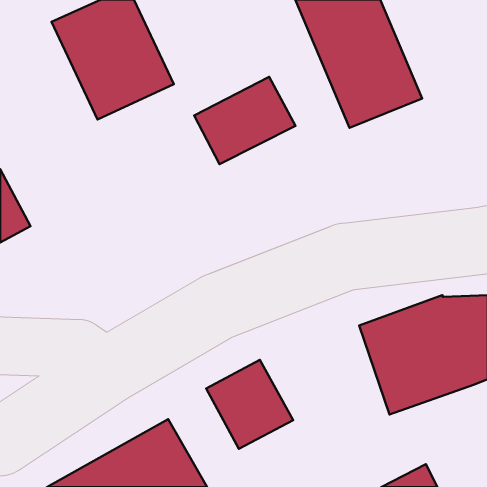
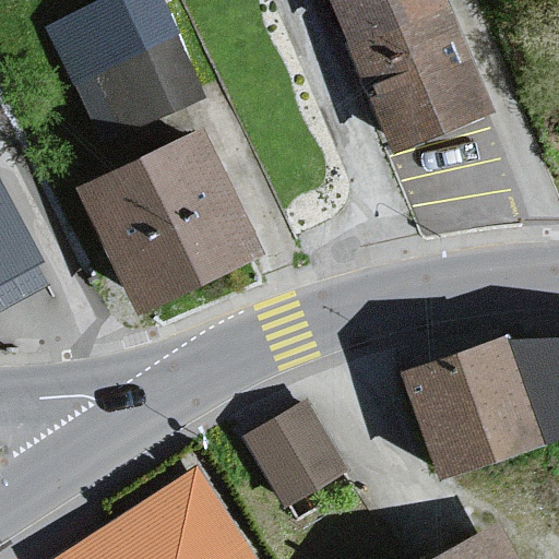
building: [194,77,296,164] -> none
building: none -> [91,134,260,306]

